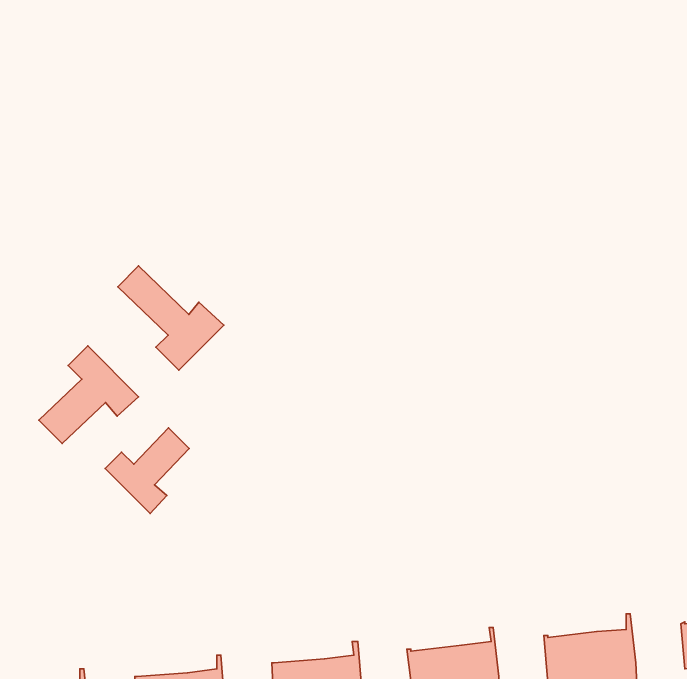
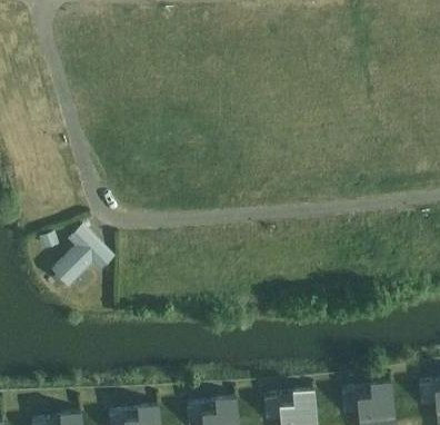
building: [118,266,224,370] -> none
building: [105,428,189,514] -> none

